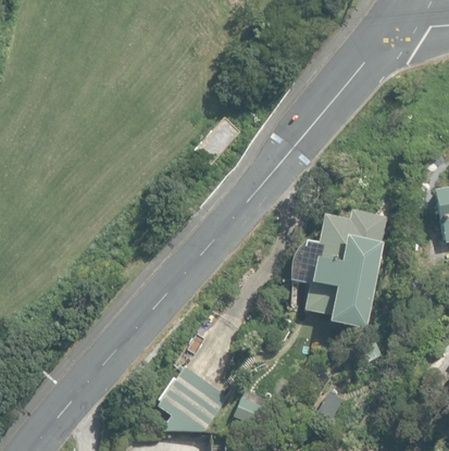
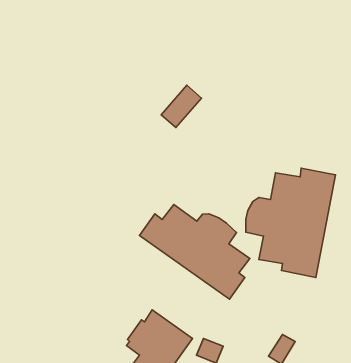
building: none -> [140,205,250,299]

